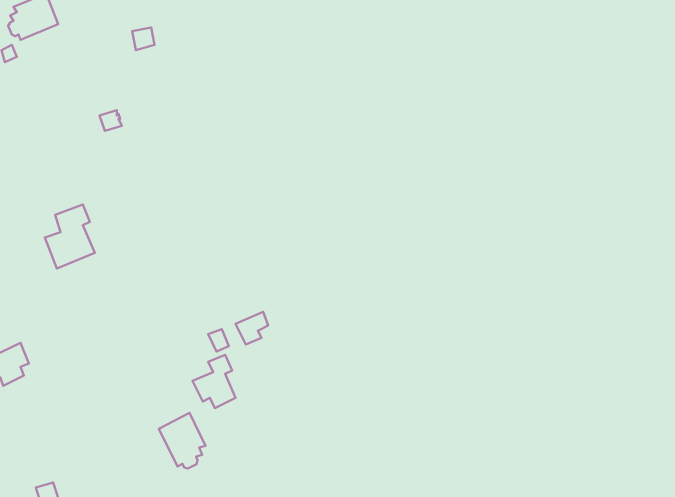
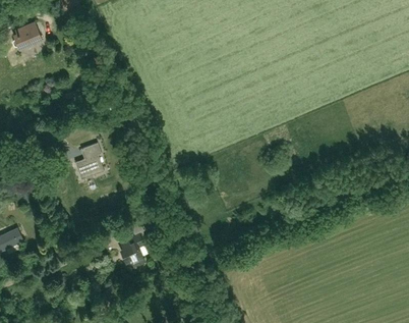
building: [45,205,95,268] -> [74,142,104,179]
building: [159,413,206,468] -> none

